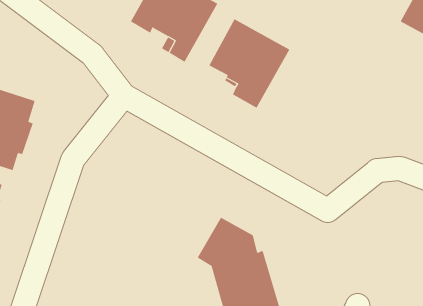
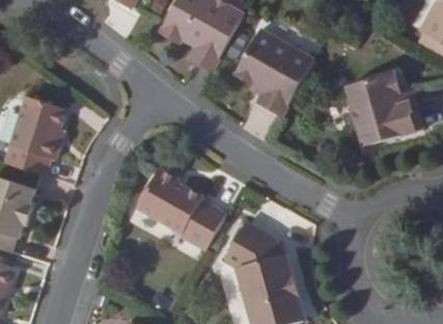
building: none -> [347,74,422,146]
building: none -> [137,169,226,251]

